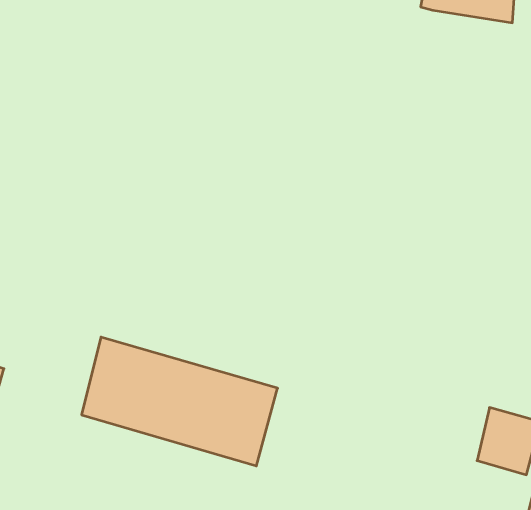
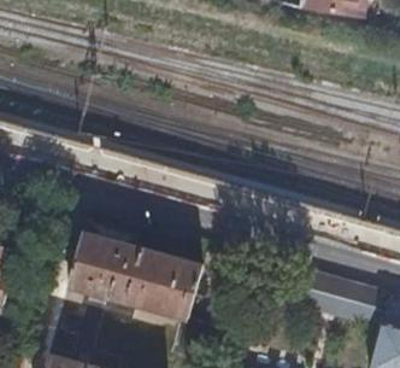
building: none -> [302,270,347,316]

